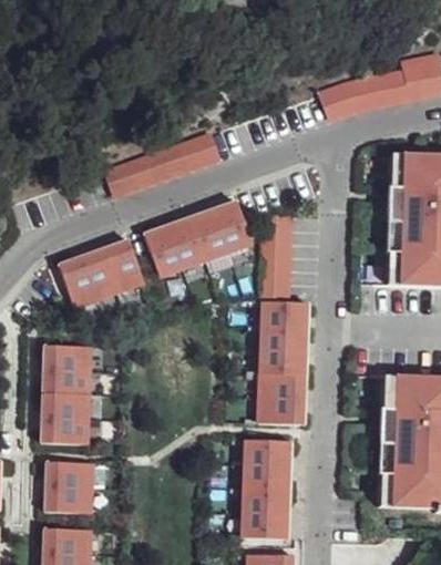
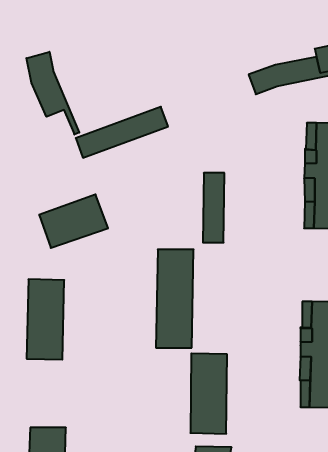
building: none -> [26,52,79,135]
building: [143,203,250,277] -> none
building: [258,301,305,423] -> [156,249,194,348]
building: [48,464,93,514] -> none

